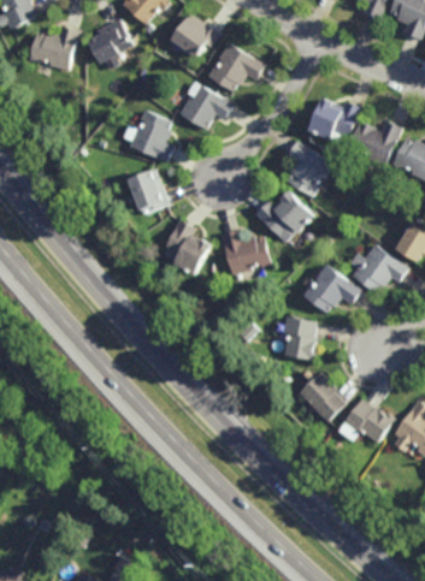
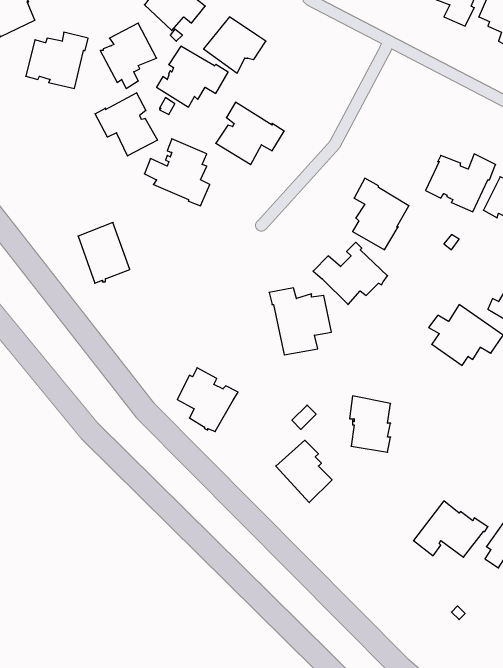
building: [208,45,265,93] -> [157,46,228,107]
building: none -> [95,93,157,156]
building: [307,101,360,143] -> none
building: [129,170,170,218] -> [78,222,130,283]
building: [164,221,212,272] -> [177,368,238,432]
building: [305,261,359,310] -> none
building: [299,370,343,420] -> [276,440,332,503]

